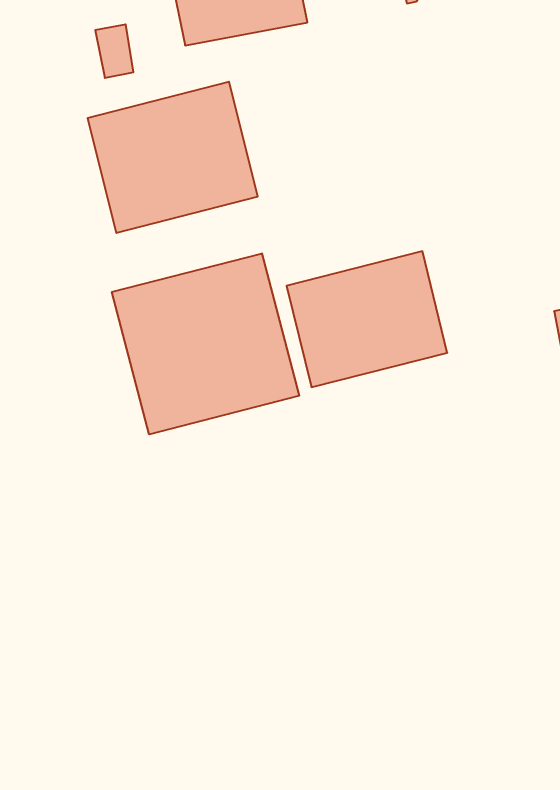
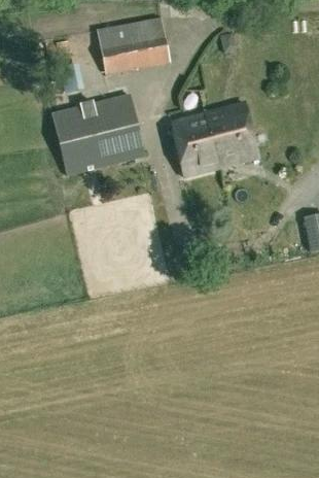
building: [287,251,447,387] -> [171,102,257,175]
building: [112,253,299,434] -> none

